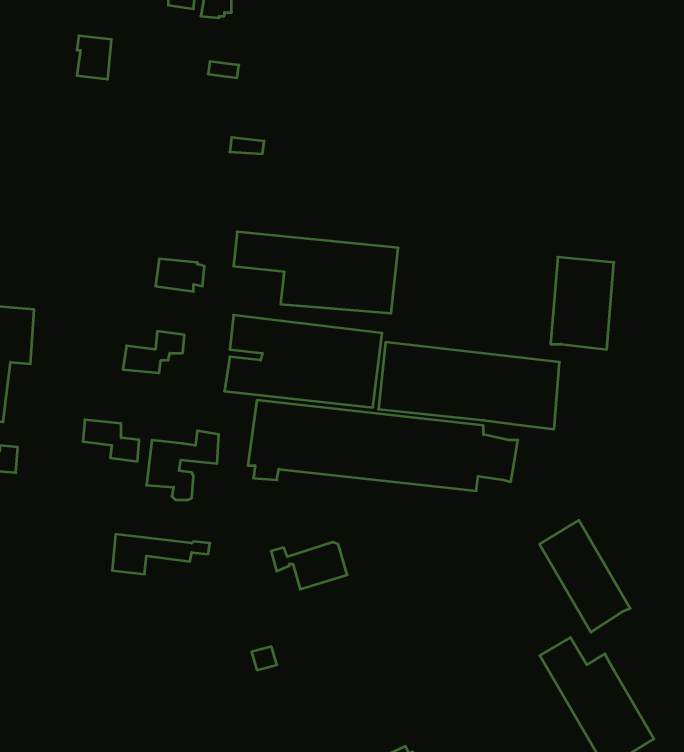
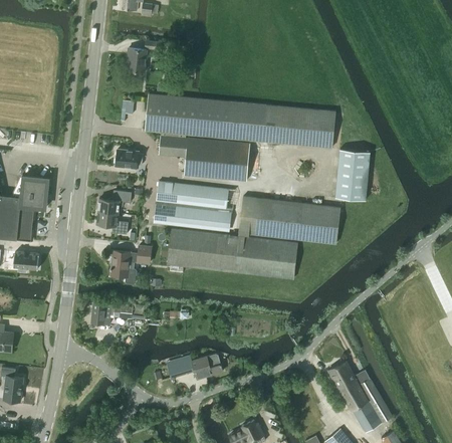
building: [77,36,111,79] -> [128,48,147,72]
building: none -> [146,93,336,148]
building: [83,420,139,461] -> [96,211,128,234]
building: [540,520,630,632] -> none
building: [271,542,347,589] -> [181,353,223,379]

